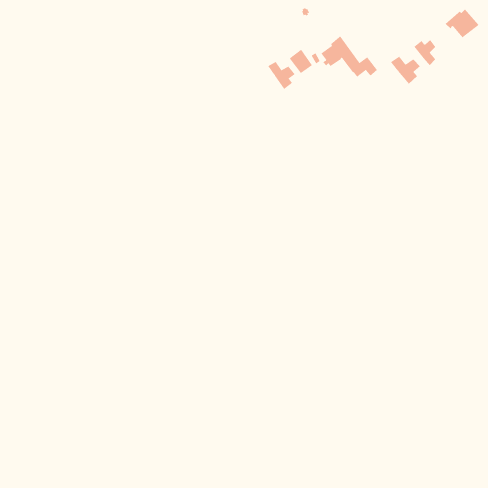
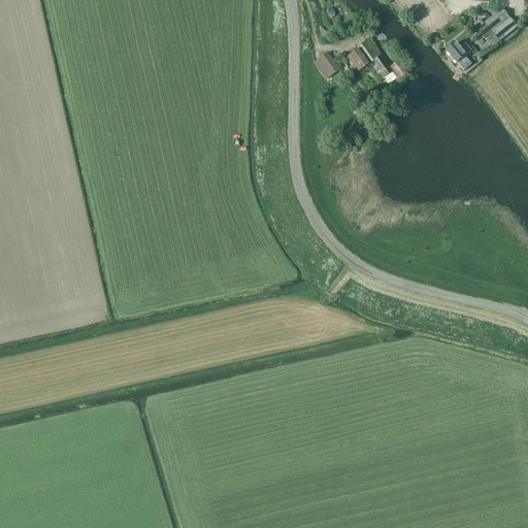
building: [390,56,421,84] -> none
building: [268,61,295,90] -> none

